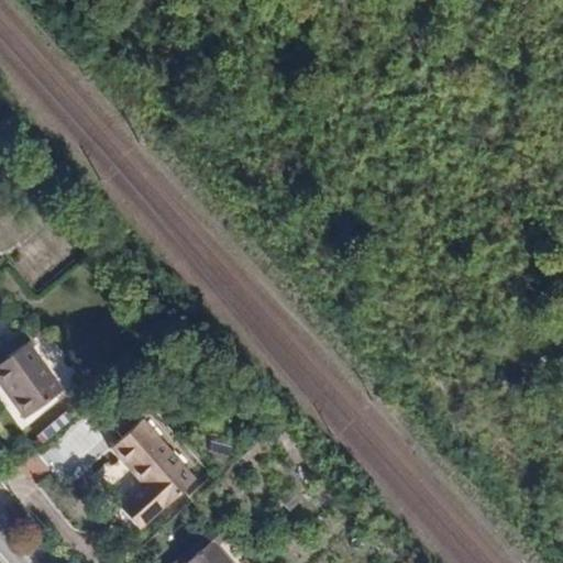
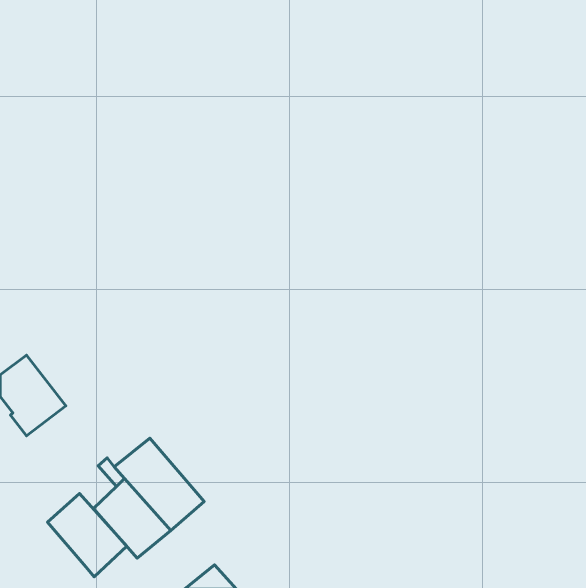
building: none -> [47,494,127,577]

